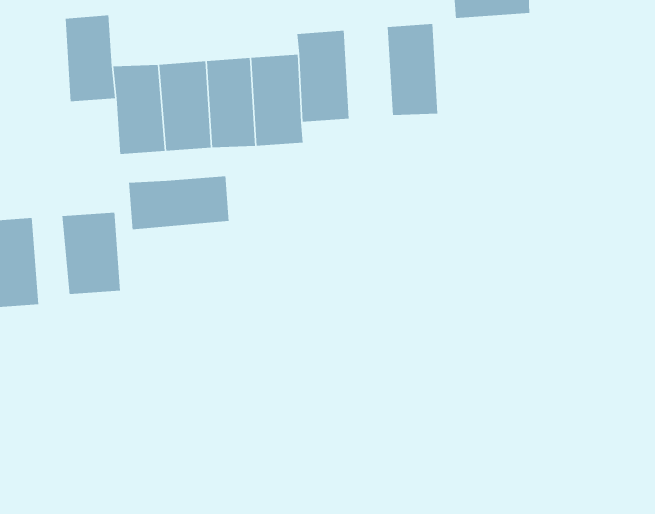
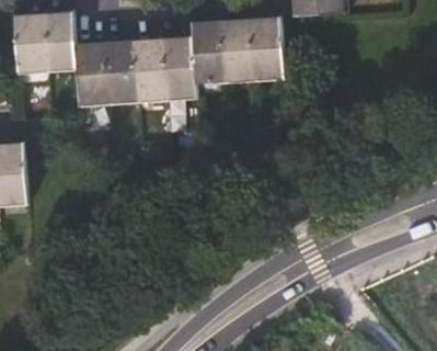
building: none -> [14,15,46,71]
building: none -> [222,21,253,80]
building: [128,175,229,230] -> none
building: [62,212,120,295] -> none

